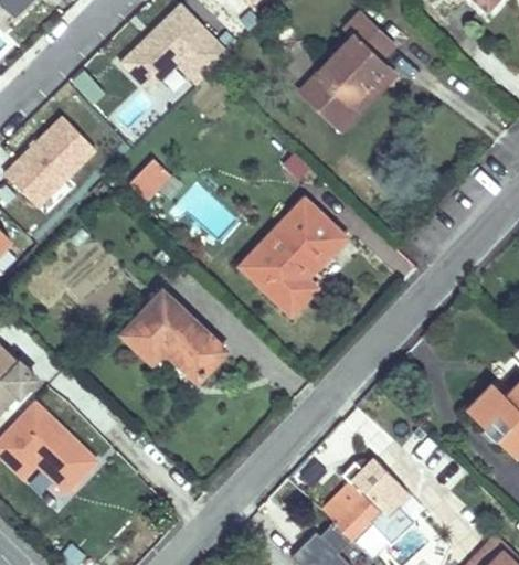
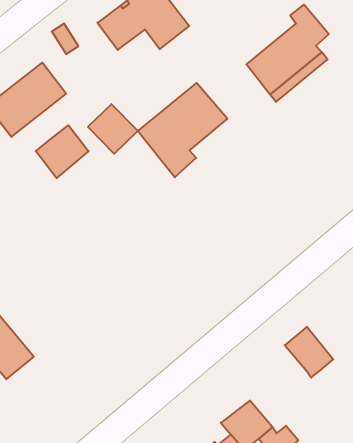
building: none -> [36,125,89,178]
building: [241,199,343,311] -> [138,83,227,177]
building: [119,289,224,379] -> none
building: [351,456,410,514] -> [285,327,333,378]

